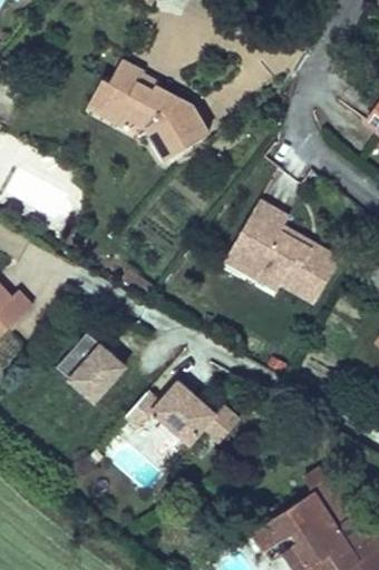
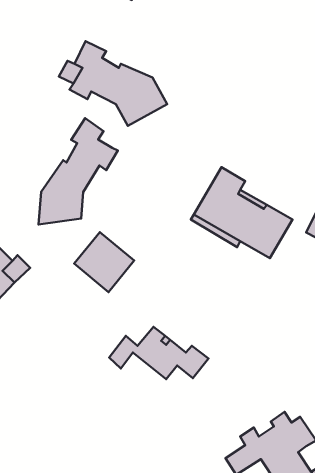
building: none -> [39,118,118,224]
building: [55,335,123,403] -> [74,232,134,292]

